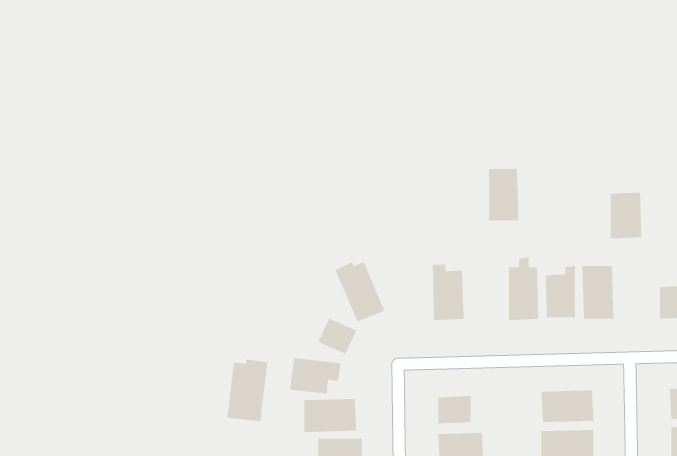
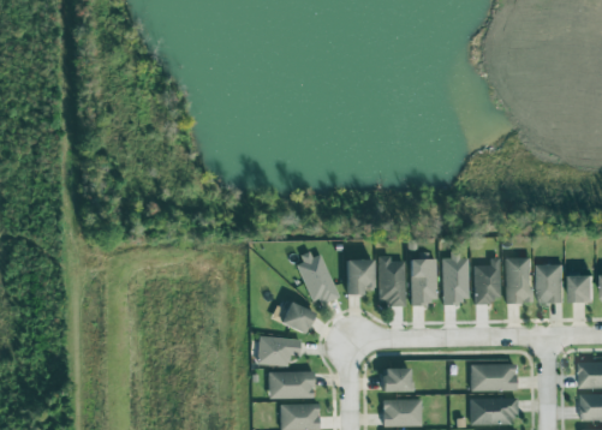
building: [488,168,519,221] -> [410,258,436,303]
building: [610,192,642,239] -> [537,263,565,303]
building: none -> [345,258,372,293]
building: [227,358,268,422] -> none

